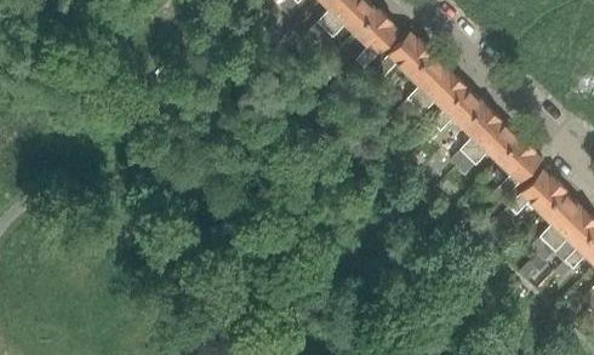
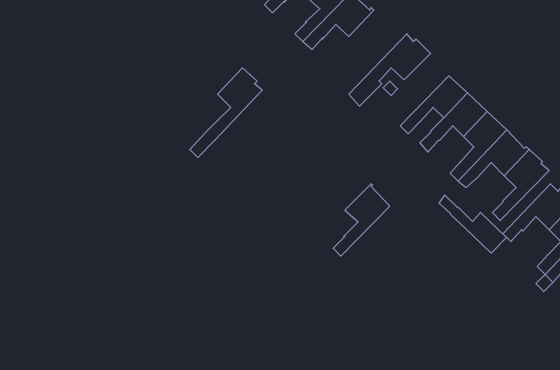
building: [331,10,398,92] -> [190,68,262,157]
building: [396,50,449,116] -> [333,184,390,256]
building: none -> [439,195,507,253]

